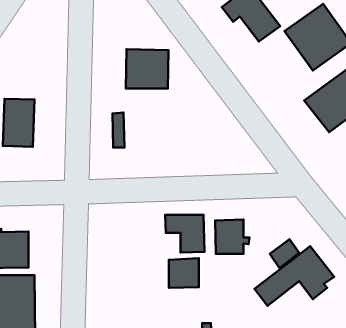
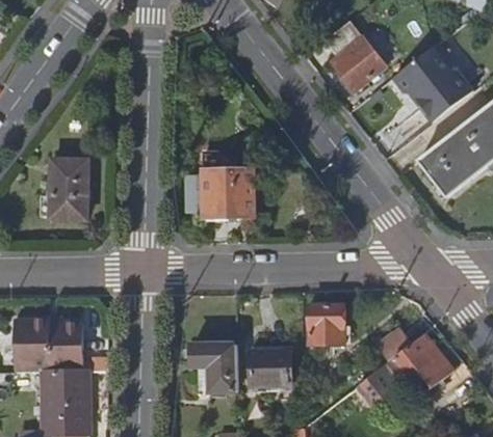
building: [126,49,169,89] -> [204,168,256,216]
building: [165,215,204,253] -> [191,346,239,391]

